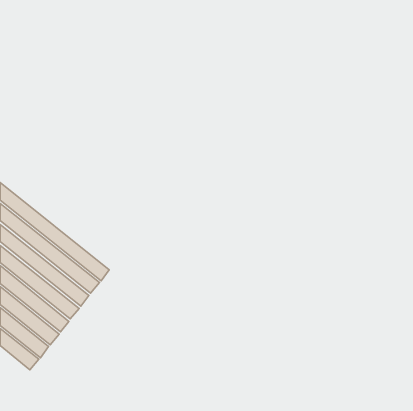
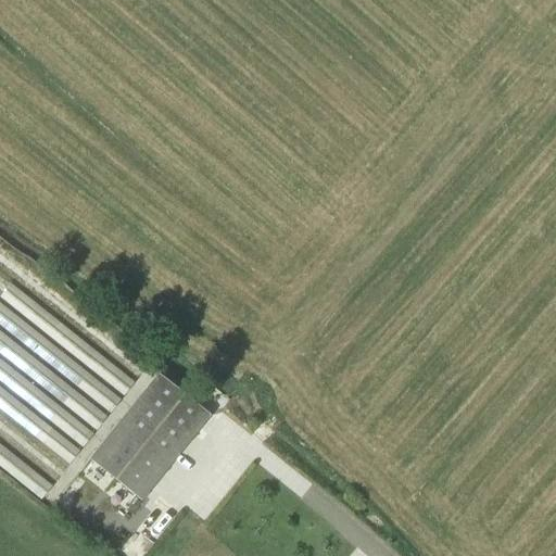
building: none -> [89,372,211,501]

